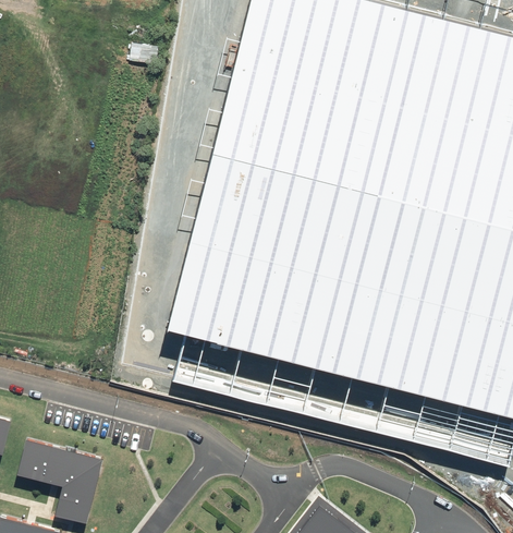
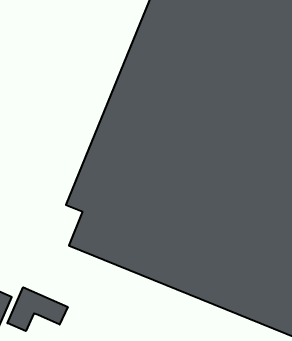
building: none -> [7,287,68,331]

